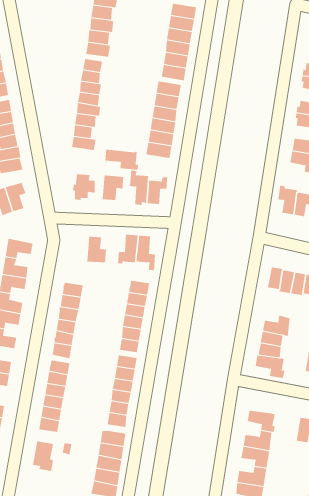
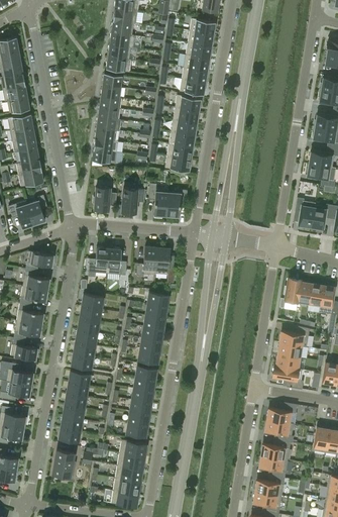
building: [105,149,139,171] -> none
building: none -> [88,247,108,277]
building: none -> [266,403,297,423]

